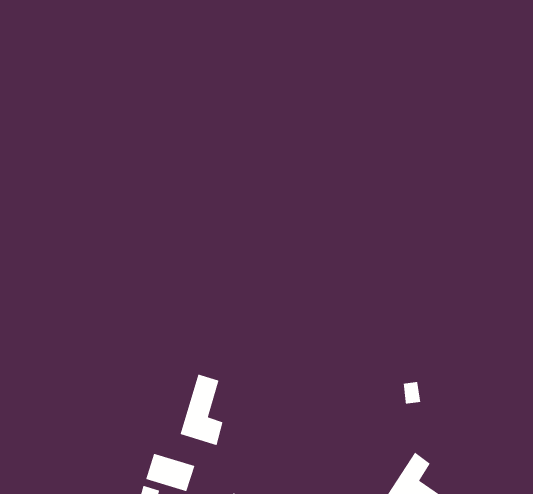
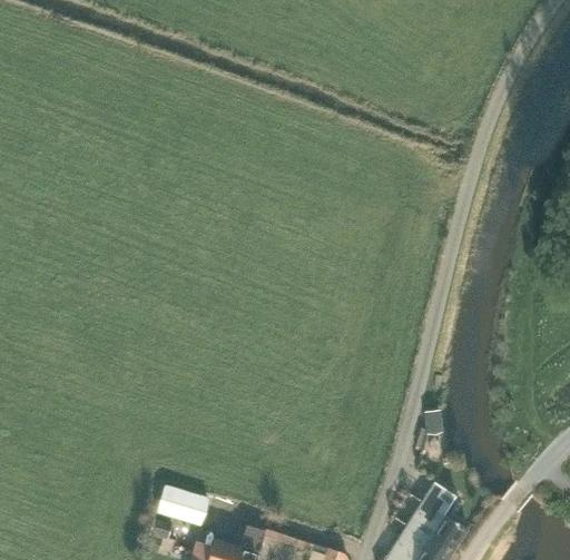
building: [179,373,224,446] -> none

